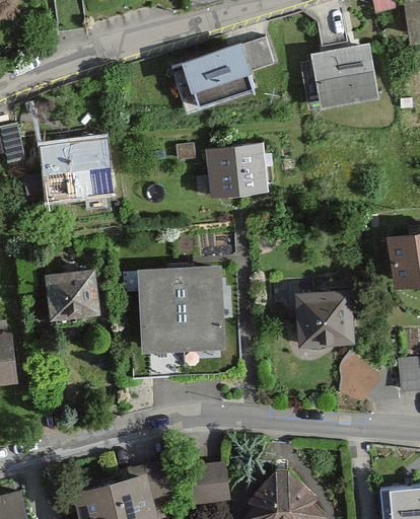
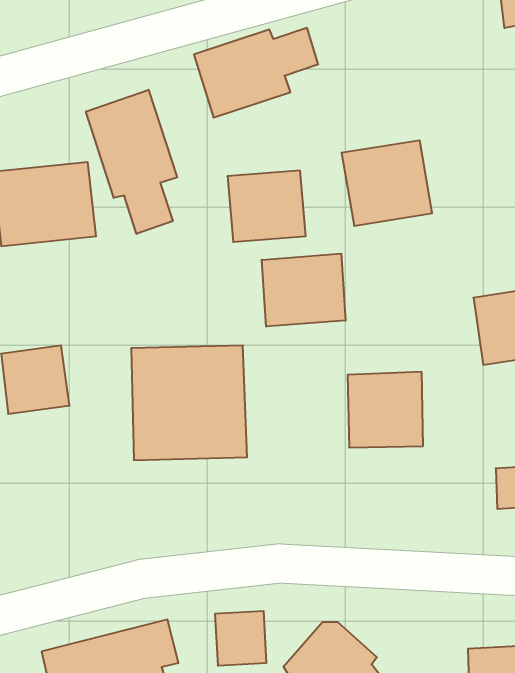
building: [311,48,377,109] -> [341,140,432,226]
building: none -> [86,90,177,234]
building: none -> [262,254,346,327]
building: [344,360,379,397] -> none

